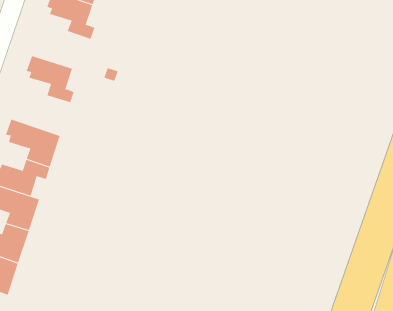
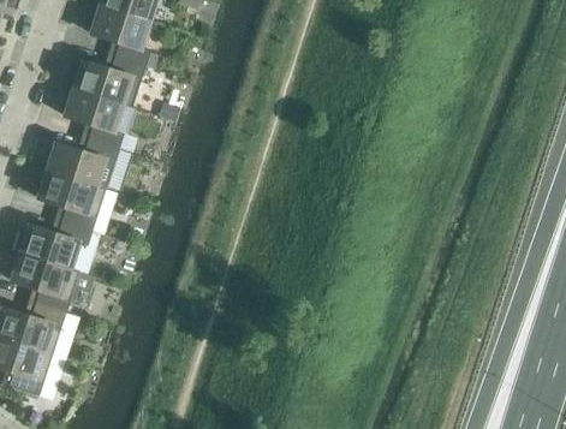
building: none -> [68,55,145,107]
building: none -> [42,138,119,190]

